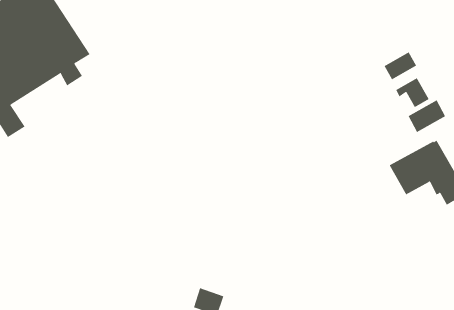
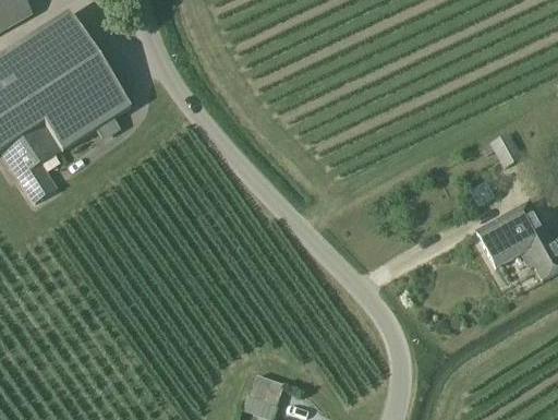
building: [384,51,417,80] -> none
building: [408,99,446,133] -> none

